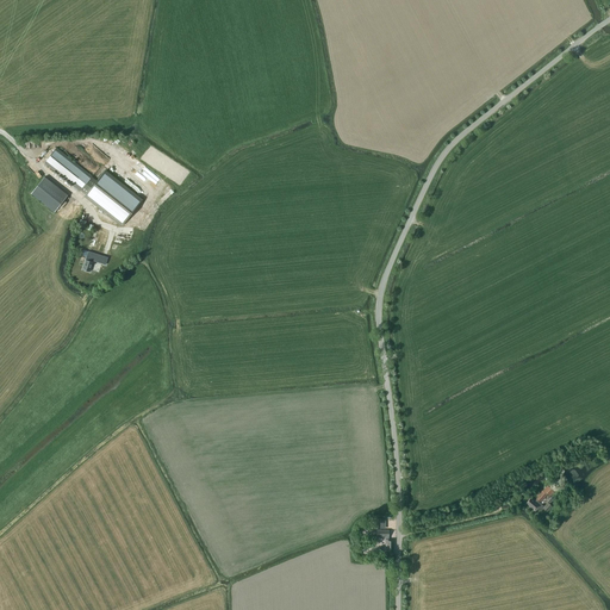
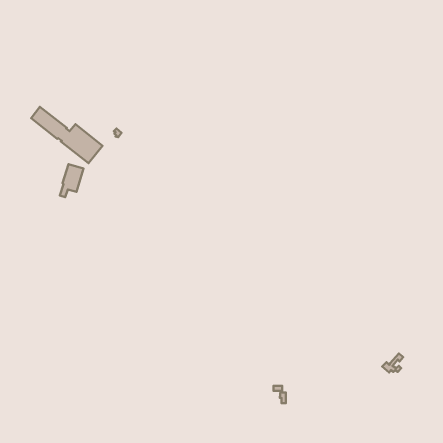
building: [30,175,67,211] -> none

